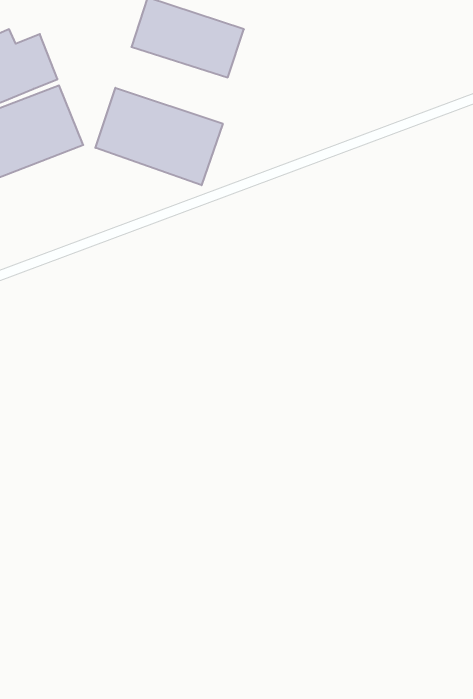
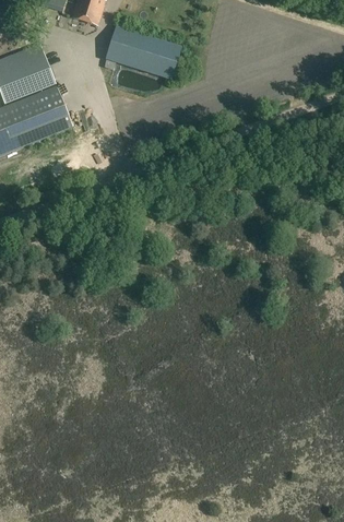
building: [95,88,223,185] -> none

